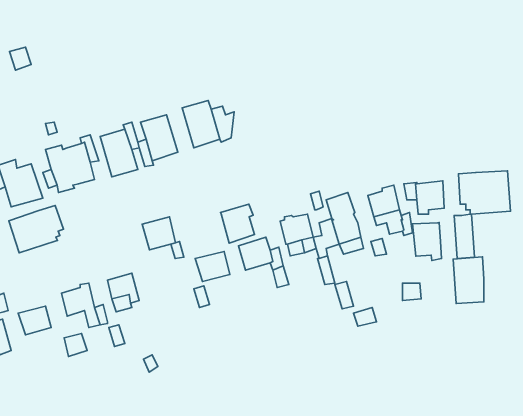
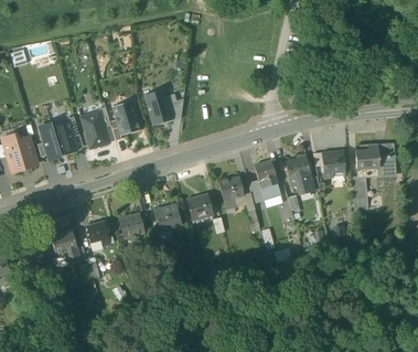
building: [220,204,254,243] -> none
building: [9,206,63,253] -> none
building: [142,217,175,250] -> [118,213,143,238]
building: [413,222,441,260] -> none
building: [453,257,484,303] -> none

